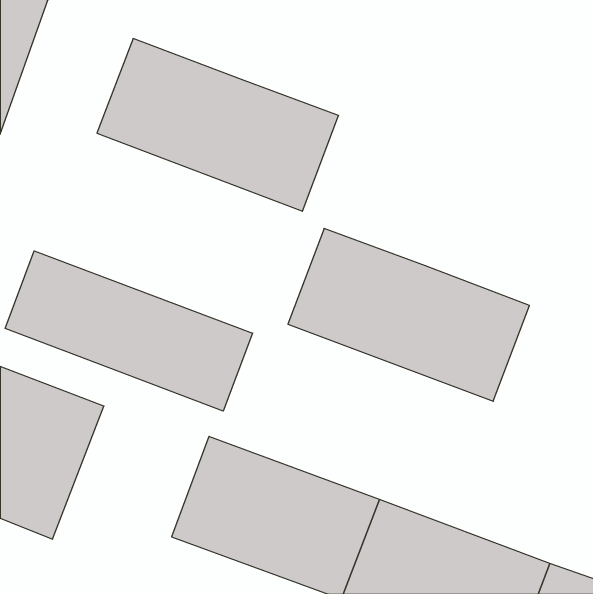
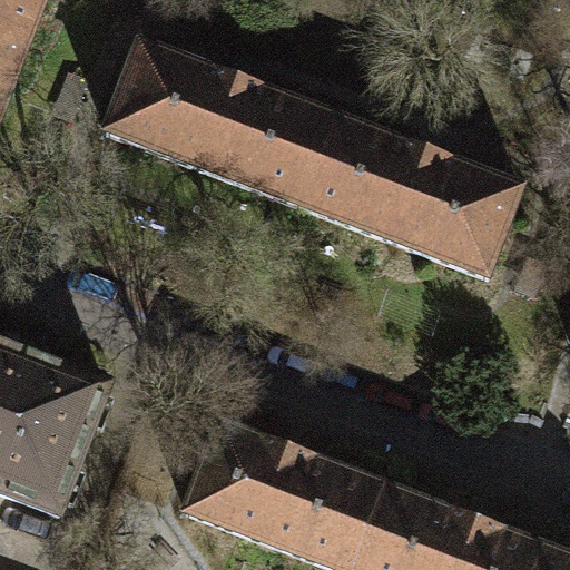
building: [288,228,529,401] -> [292,110,522,275]
building: [5,251,253,411] -> none

